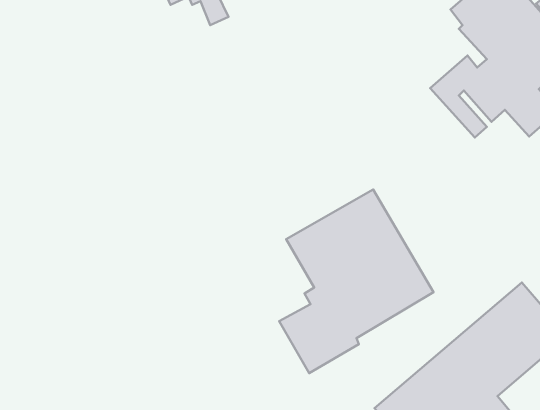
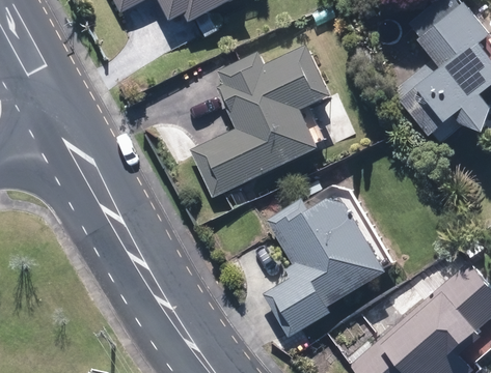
building: none -> [188,44,330,196]

